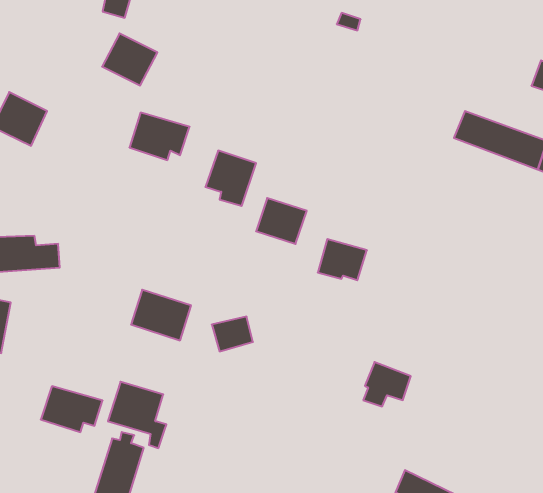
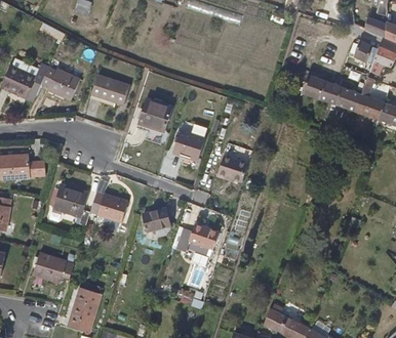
building: [102,33,157,86] -> [47,66,83,99]
building: [363,362,411,406] -> [186,225,216,254]
building: [108,382,166,448] -> [55,182,93,225]

